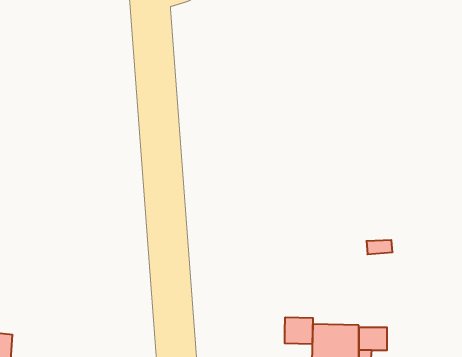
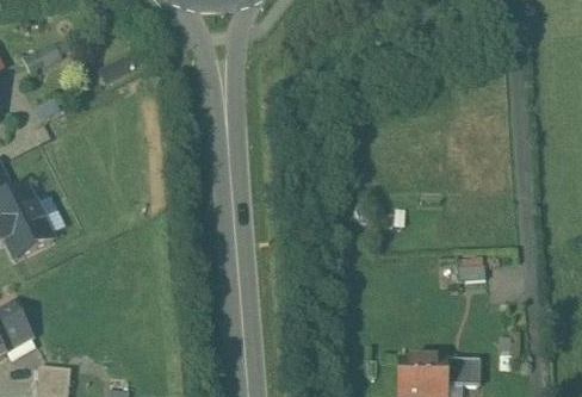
building: [285,317,313,344] -> none

